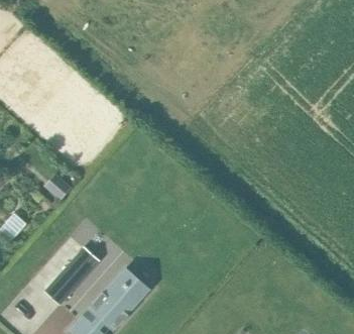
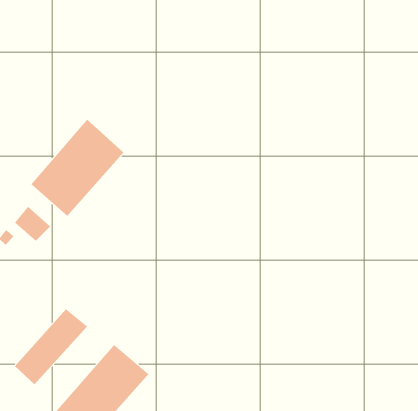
building: none -> [31,119,124,217]

